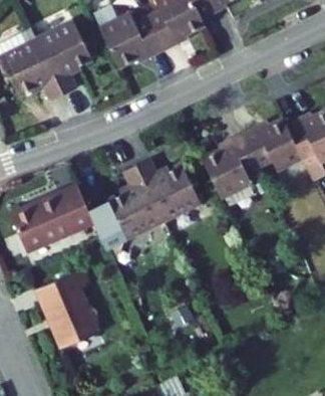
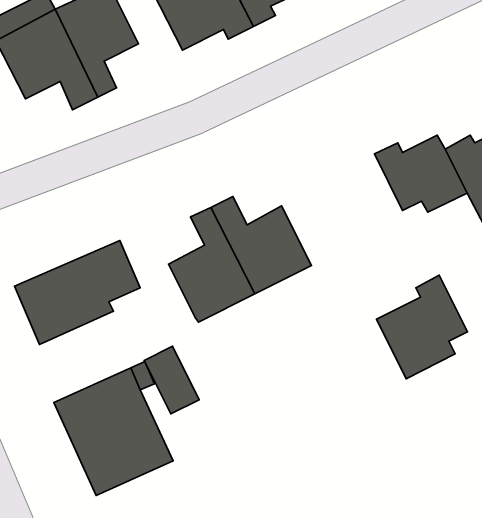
building: [202,133,260,199] -> [376,275,468,379]
building: [92,203,127,246] -> [144,346,199,414]

